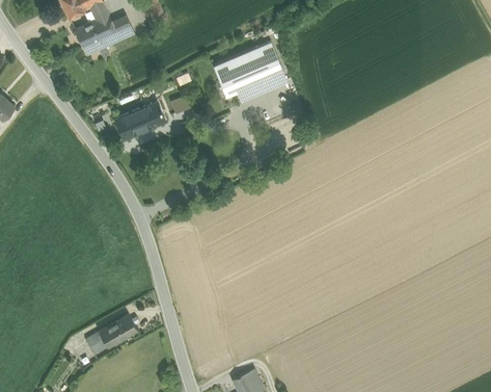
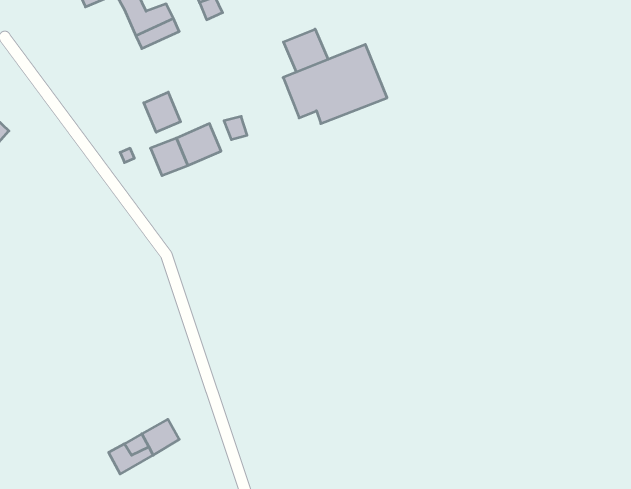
building: [75,19,109,56] -> none
building: none -> [283,29,328,72]
building: none -> [144,92,181,132]

